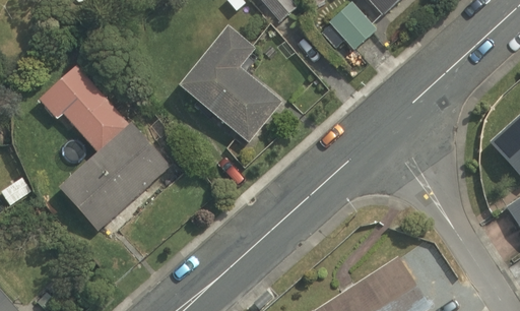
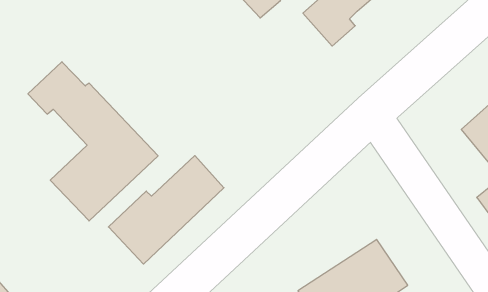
building: [174,28,279,144] -> none
building: none -> [108,156,224,264]

